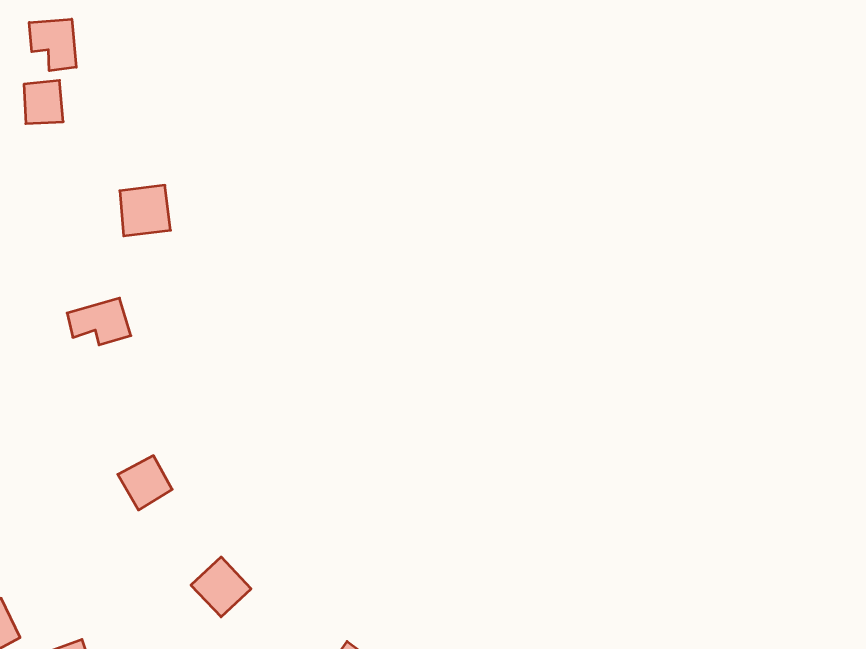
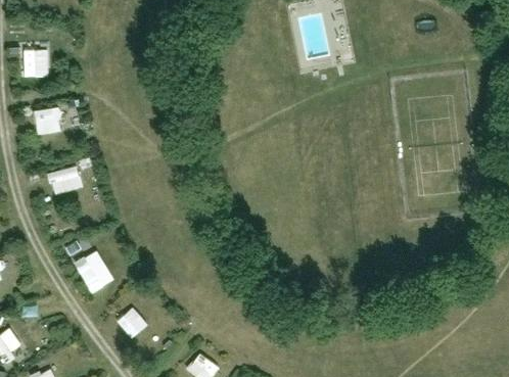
building: [29,19,76,71] -> none
building: [120,185,171,236] -> [34,107,61,135]

